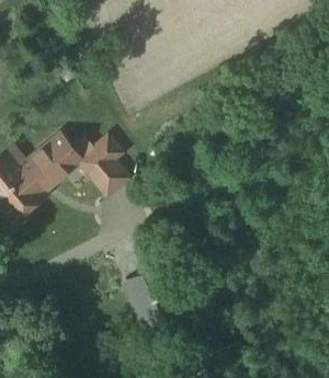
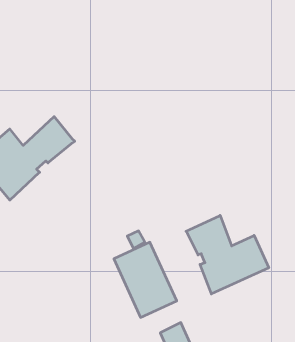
building: [78,136,127,194] -> none
building: none -> [186,215,269,294]

